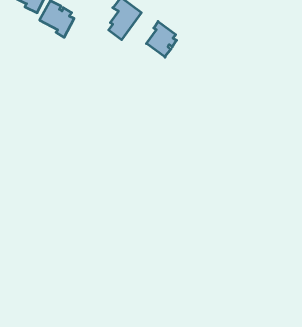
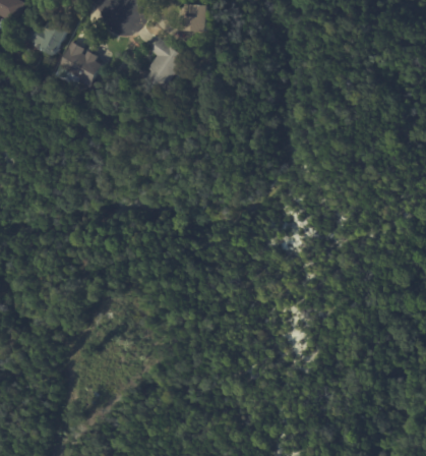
building: [146,21,177,57] -> none

